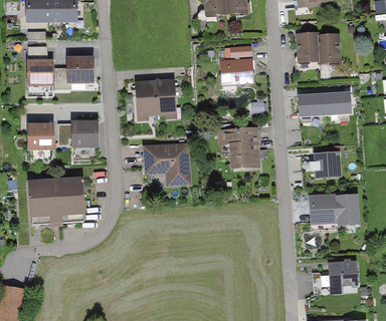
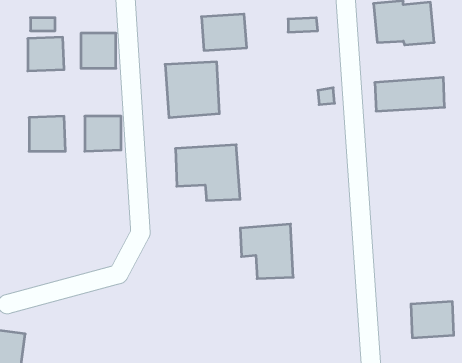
building: [219,57,254,85] -> [201,14,247,50]
building: [217,127,258,170] -> [240,224,293,279]
building: [313,150,341,179] -> none
building: [28,177,86,227] -> none
building: [309,194,359,229] -> none

